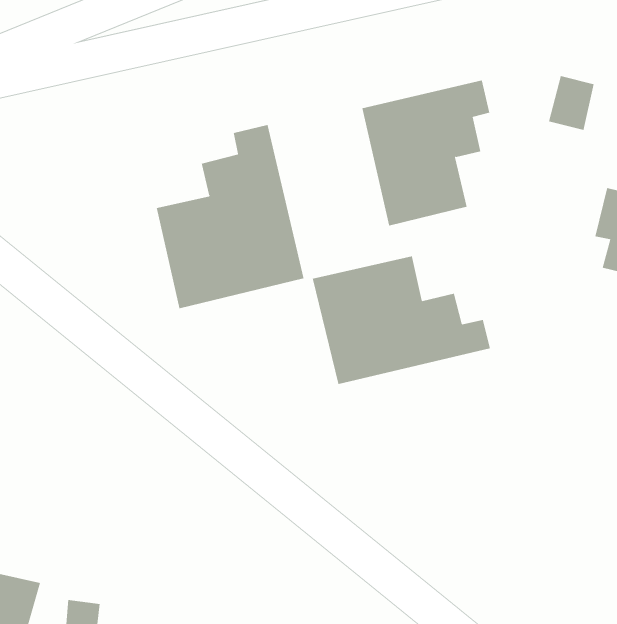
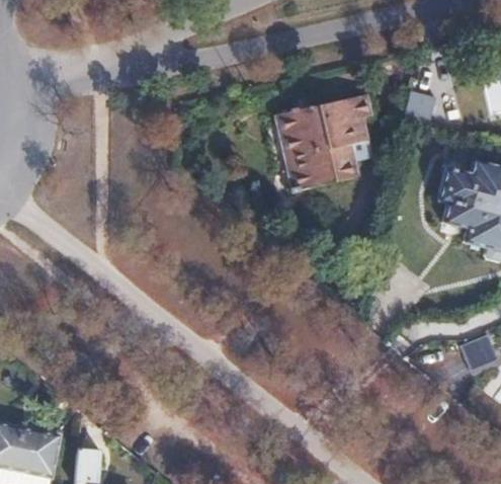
building: [156,124,304,309] -> none
building: [312,256,490,385] -> none

